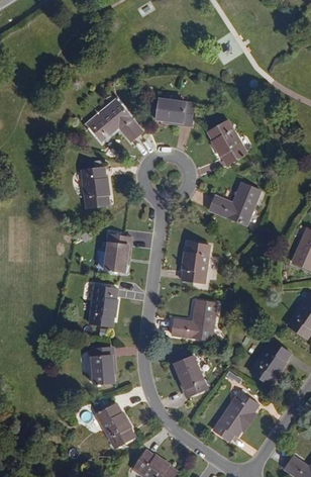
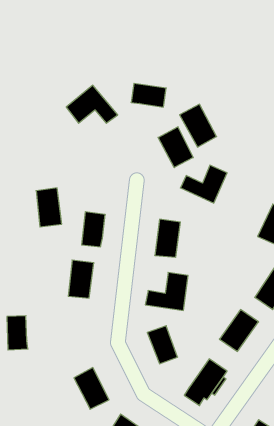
building: none -> [158,127,193,168]
building: [82,166,109,207] -> [36,188,62,227]
building: [92,345,114,381] -> [7,316,28,350]

